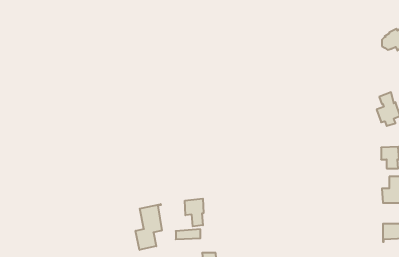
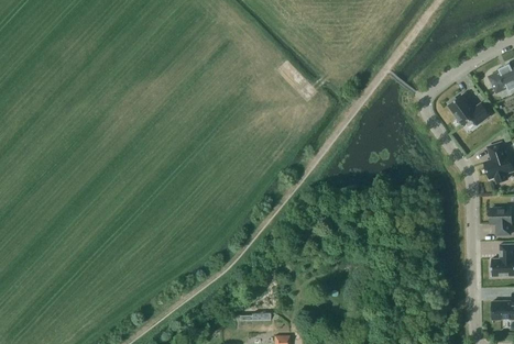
building: none -> [447,95,489,125]
building: [185,199,203,226] -> none
building: [136,204,162,250] -> none

